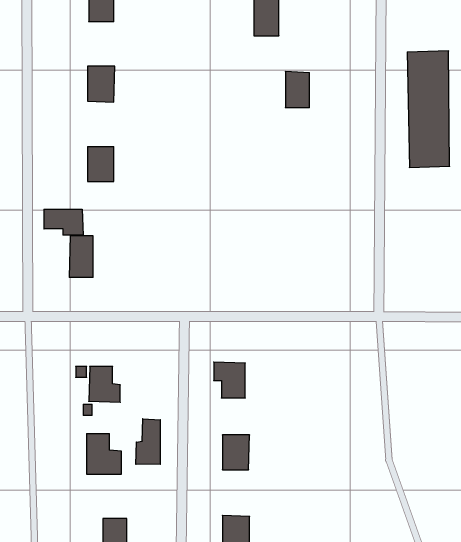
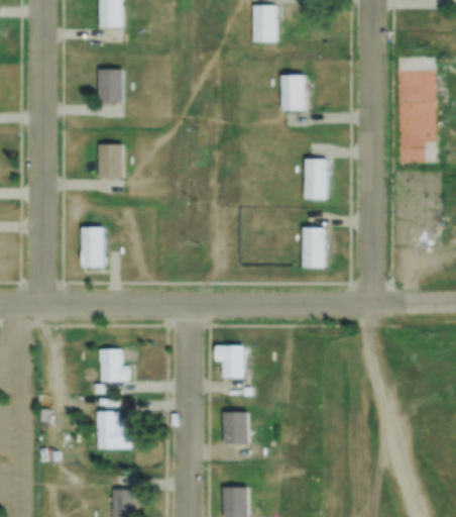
building: none -> [305,159,328,198]
building: [44,209,83,235] -> none
building: none -> [303,227,325,267]
building: [136,419,160,464] -> none

